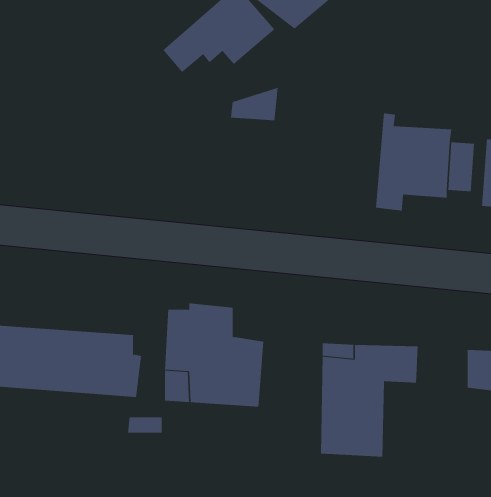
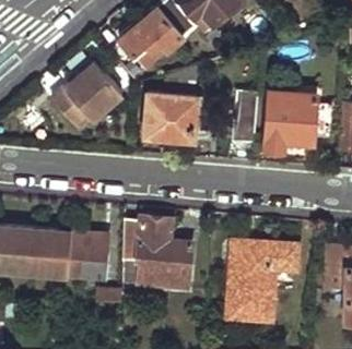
building: none -> [54,67,121,134]
building: none -> [149,96,199,144]
building: none -> [233,96,258,147]

